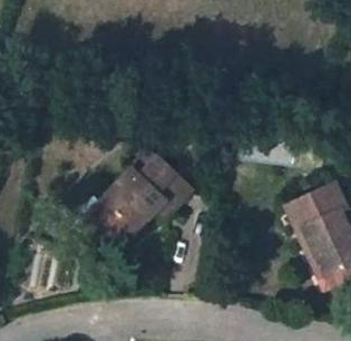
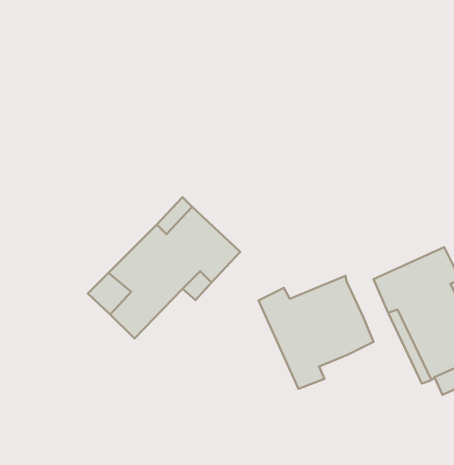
building: none -> [258,276,374,389]

